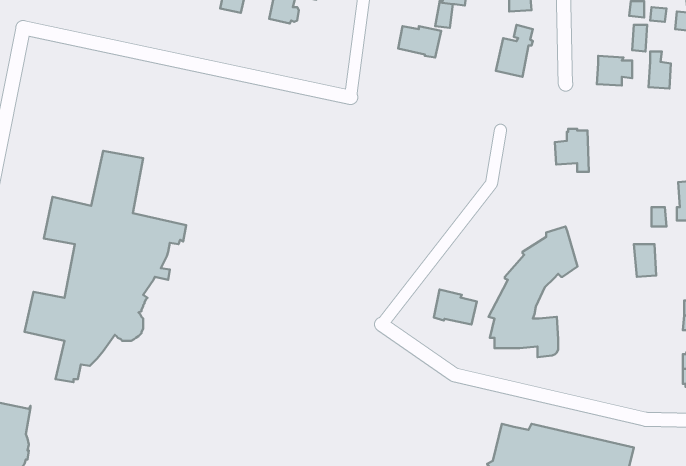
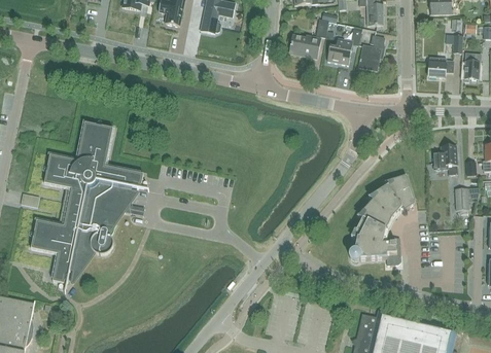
building: none -> [327,30,361,65]
building: [555,129,589,172] -> [432,144,456,174]
building: [434,290,477,325] -> none

